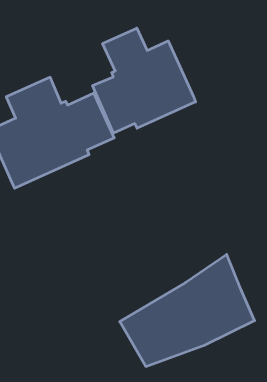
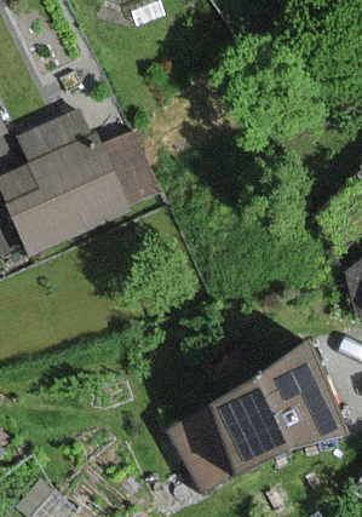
building: [93,28,196,133] -> none

